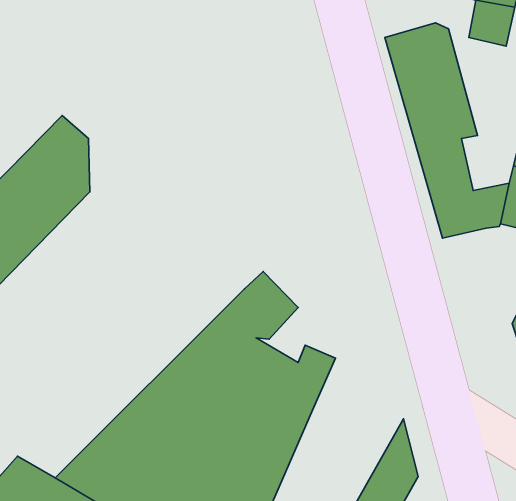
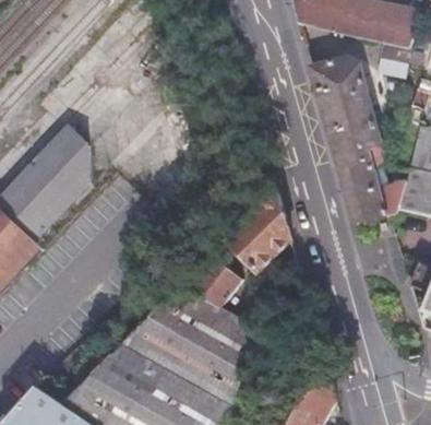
building: none -> [228,173,292,270]

